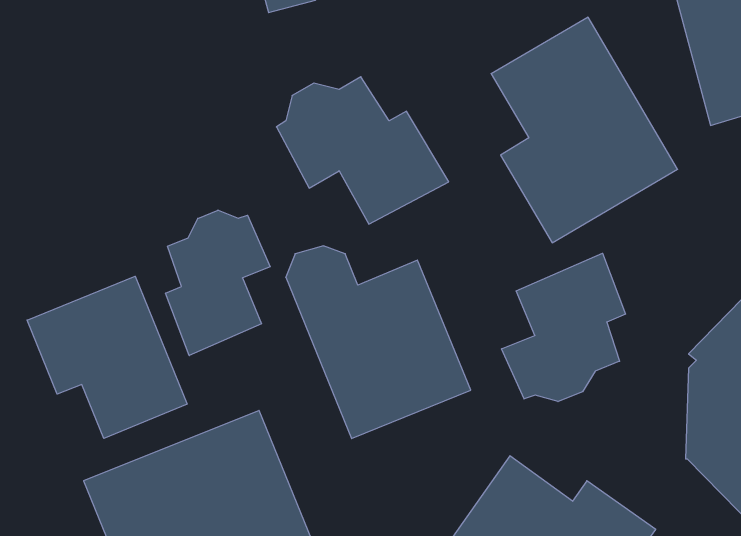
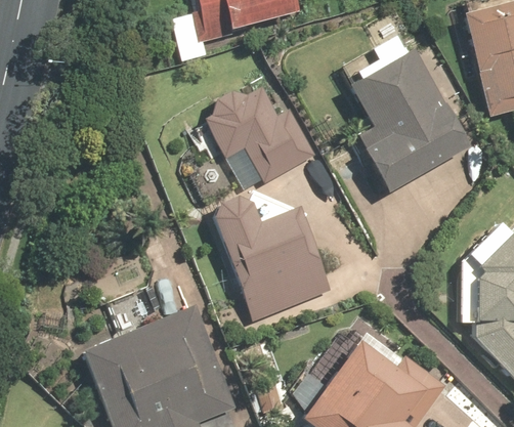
building: [166,210,270,356] -> none
building: [502,253,626,402] -> none
building: [27,276,187,438] -> none

